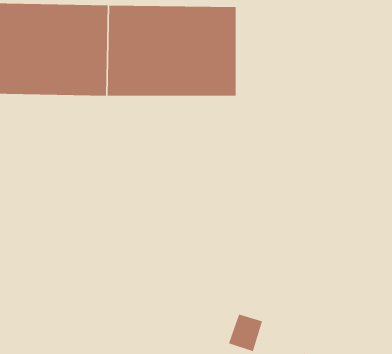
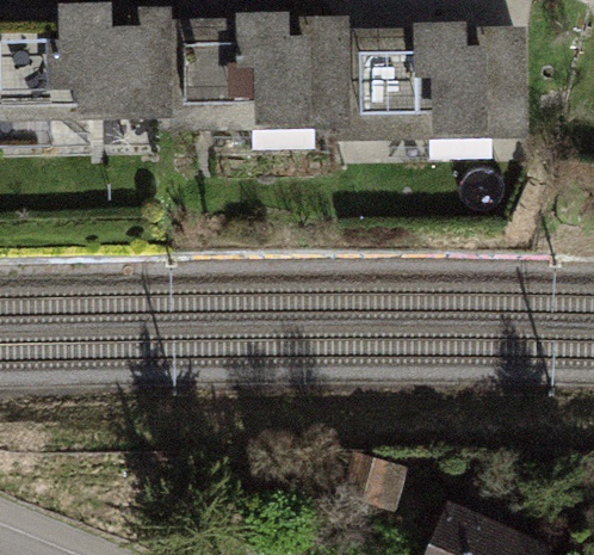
building: none -> [352,16,526,141]

